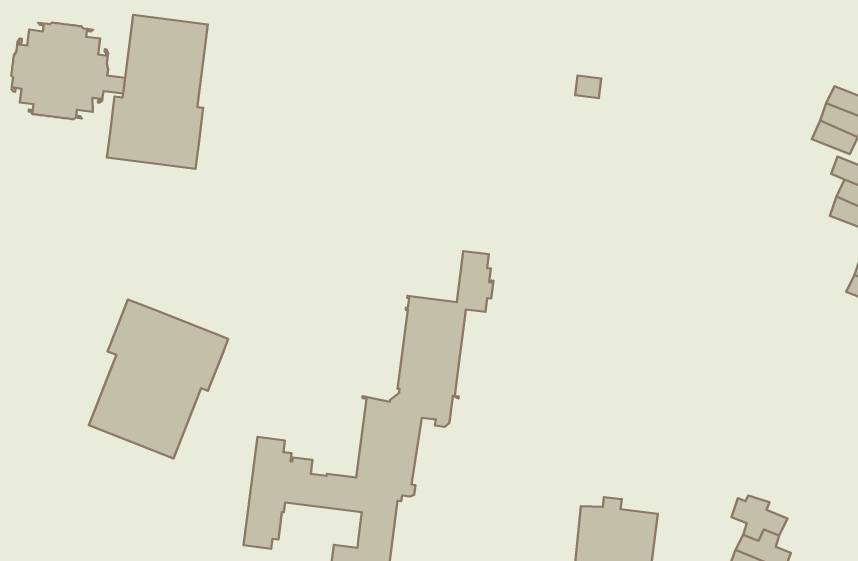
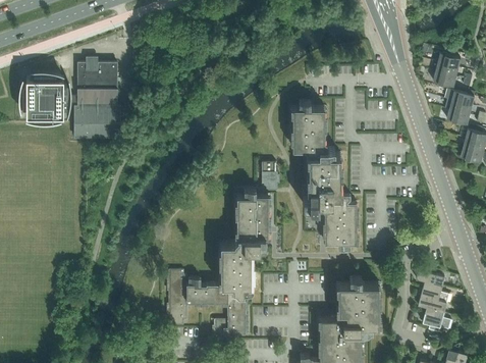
building: none -> [293,102,356,251]
building: [89,299,228,459] -> none

